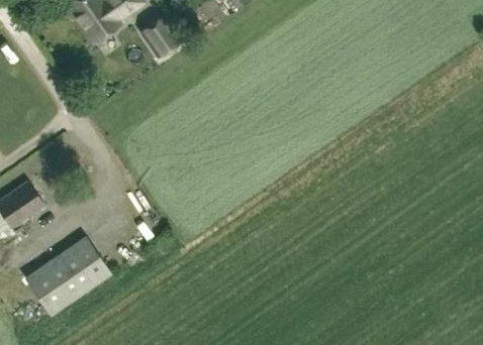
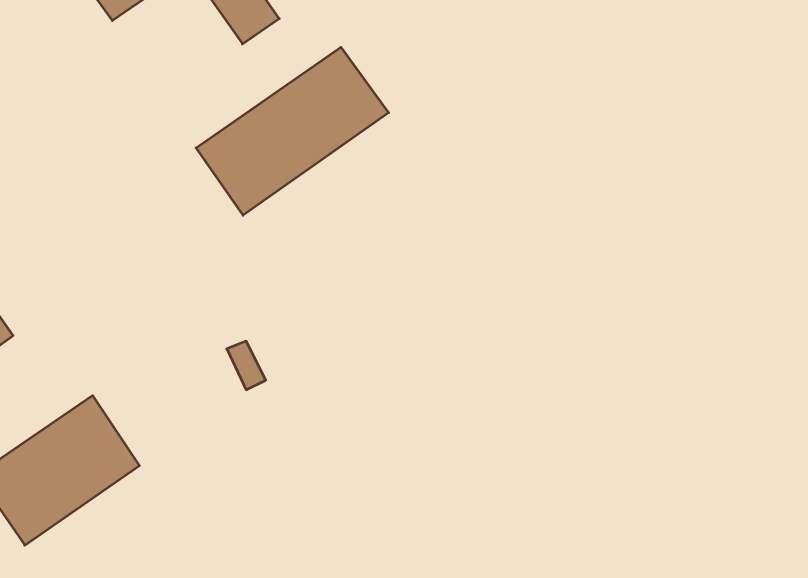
building: none -> [196,47,389,215]

